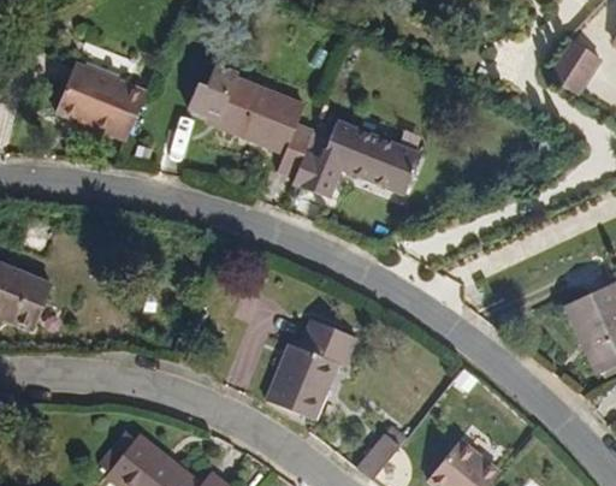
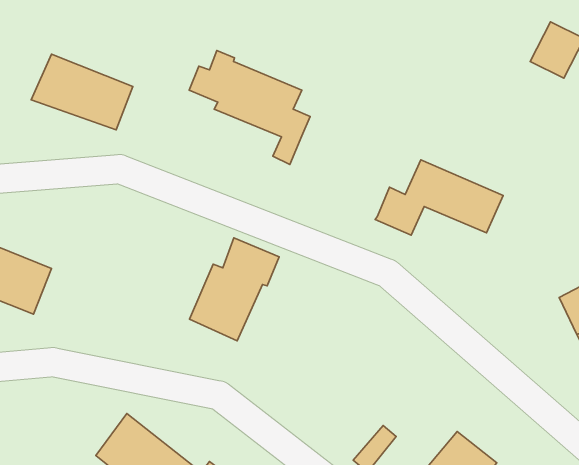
building: [290,120,419,196] -> [375,160,503,235]
building: [267,318,357,421] -> [189,238,279,341]

